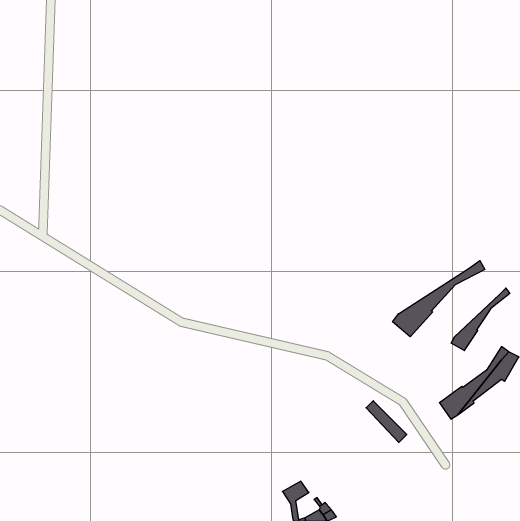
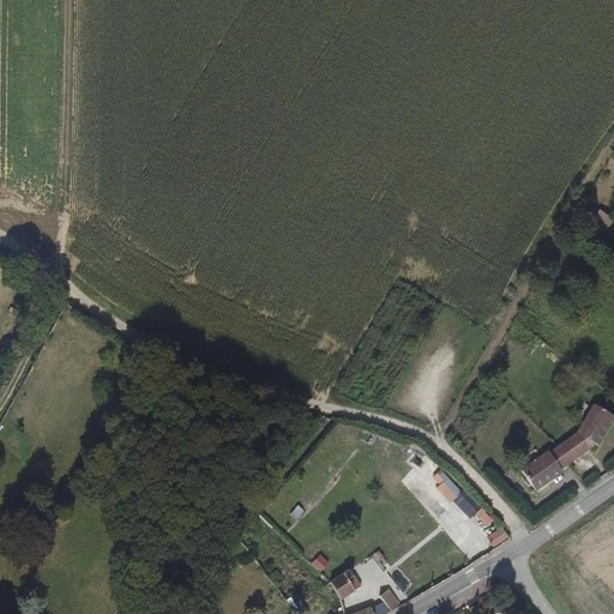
building: [393,261,485,337] -> none
building: [451,288,510,351] -> none

